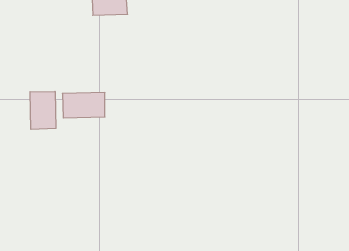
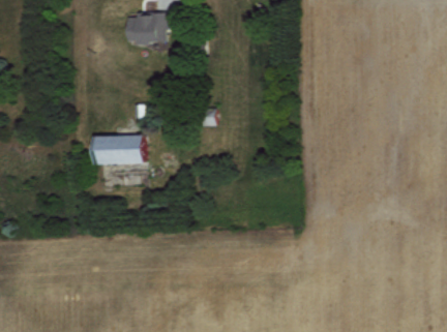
building: [30,91,56,129] -> none

